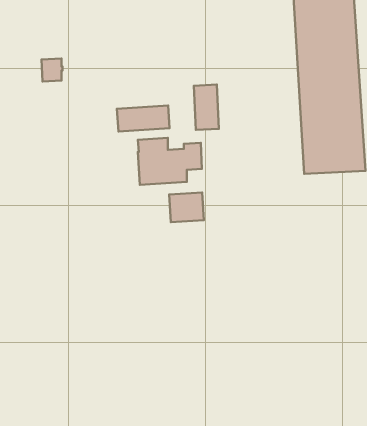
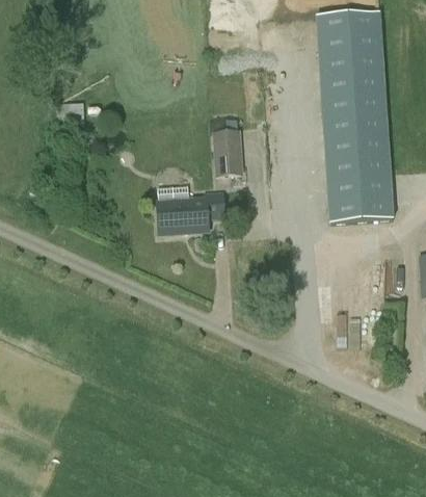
building: [117,106,170,132] -> none
building: [169,192,204,222] -> none

